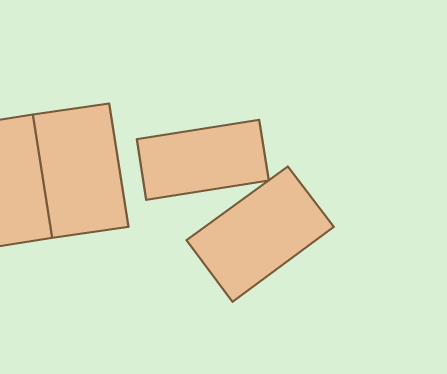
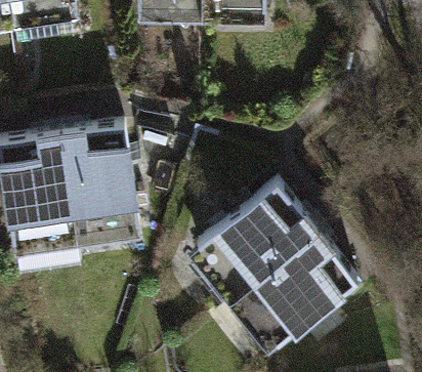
building: [137,120,269,200] -> none
building: none -> [227,229,352,344]

